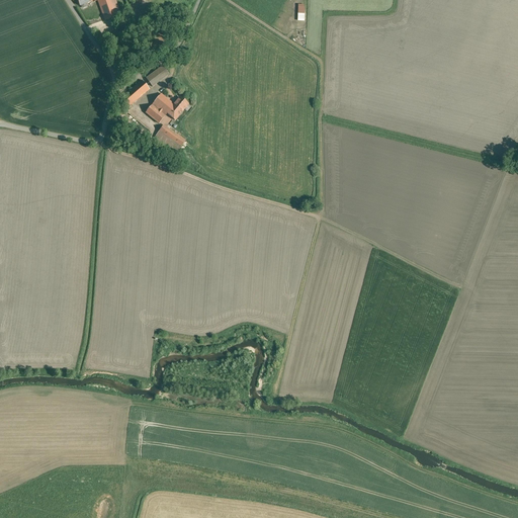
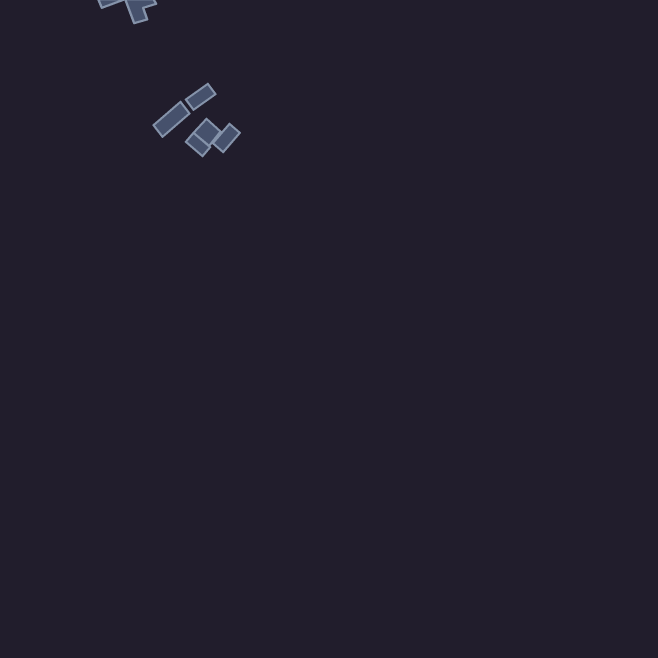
building: [156,123,186,152] -> none

